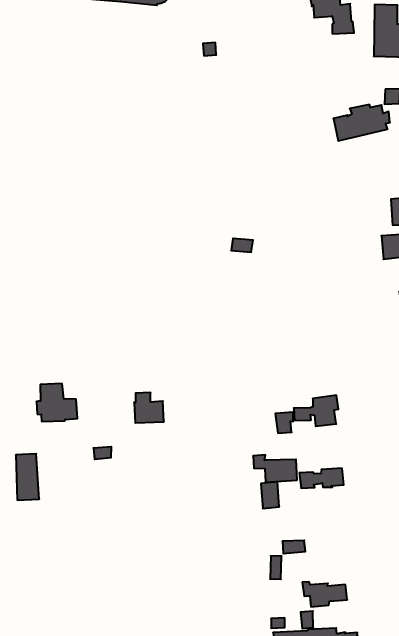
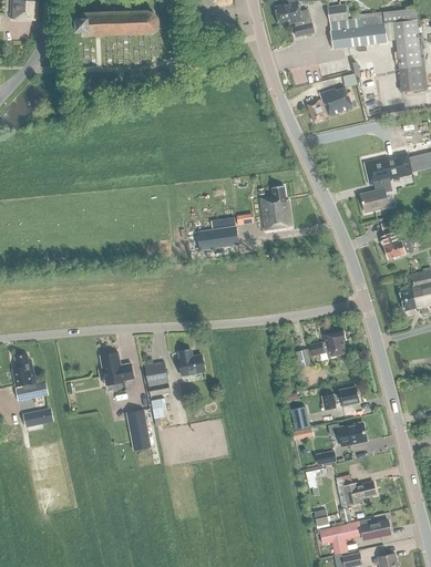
building: none -> [259,185,293,229]
building: none -> [197,226,238,250]
building: none -> [144,361,170,396]
building: [16,454,39,500] -> [127,410,152,450]
building: [253,455,297,482] -> [328,423,367,445]

